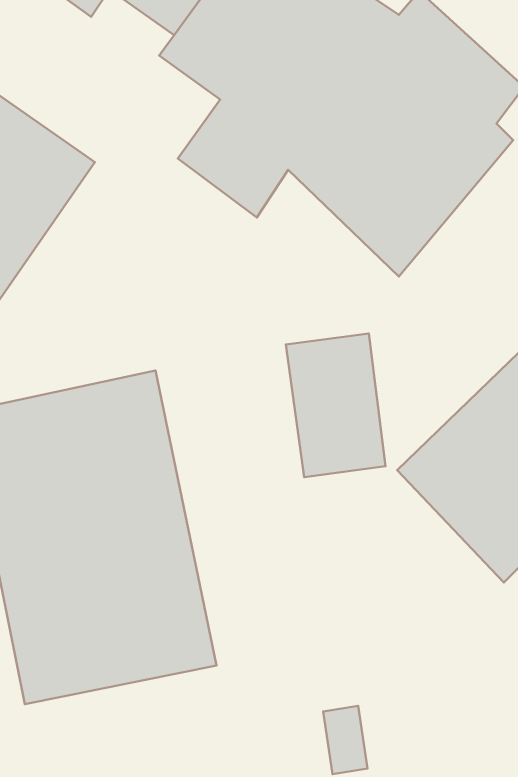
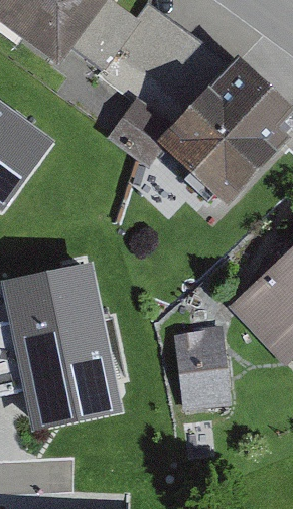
building: [286,333,385,477] -> [171,333,226,411]

